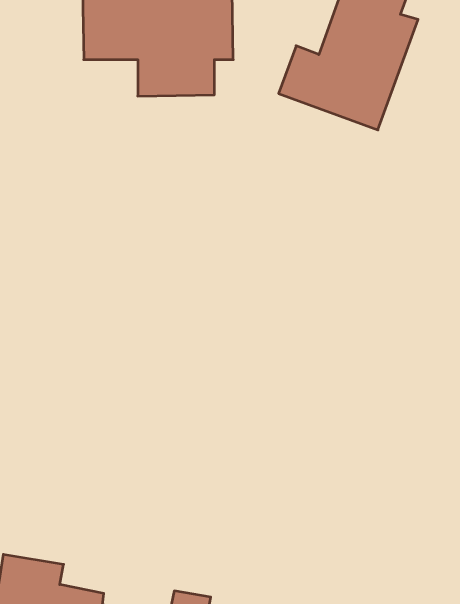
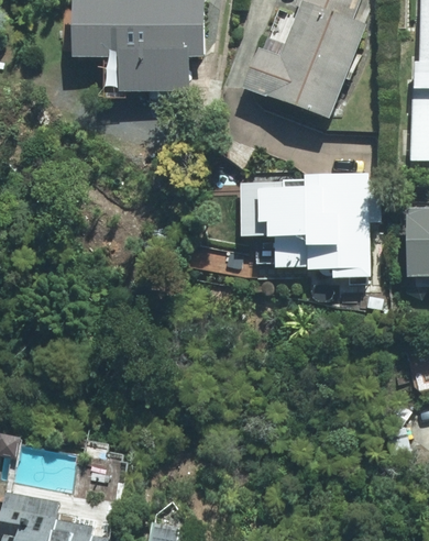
building: none -> [248,170,370,277]

